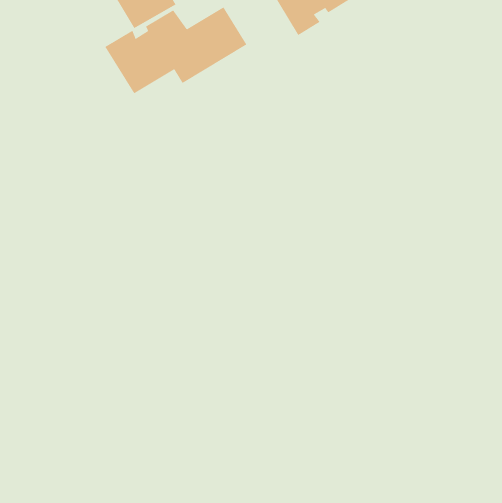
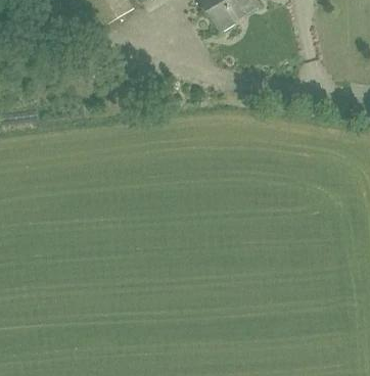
building: [104,6,247,94] -> none

